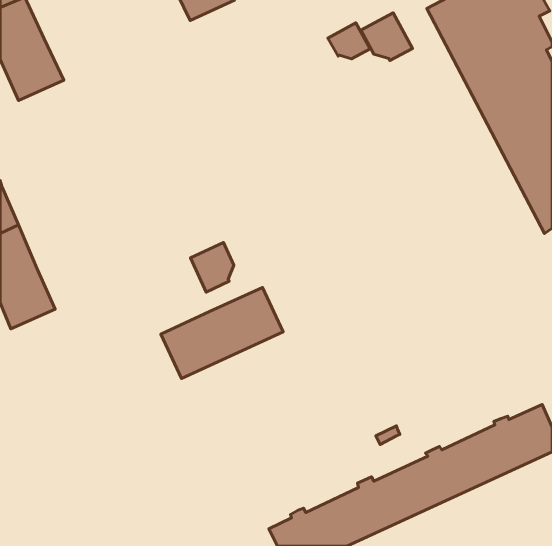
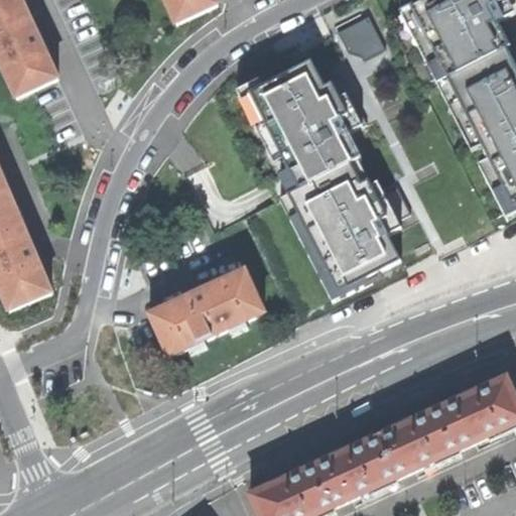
building: [328,23,370,59] -> none
building: none -> [240,60,412,299]
building: [190,242,234,292] -> none

